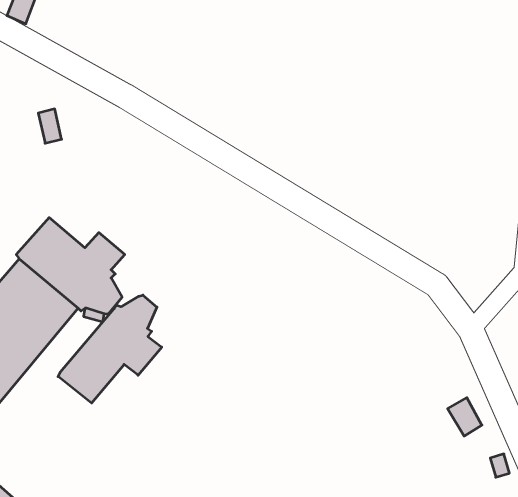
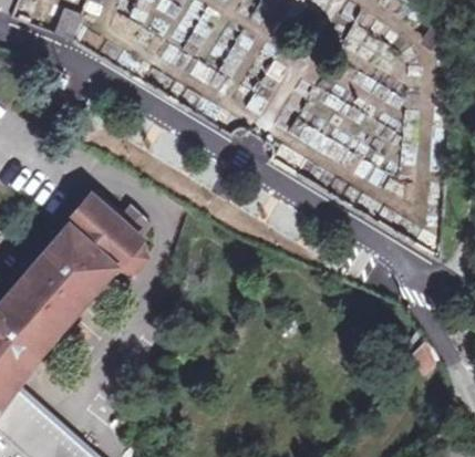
building: [58,295,162,403] -> none

